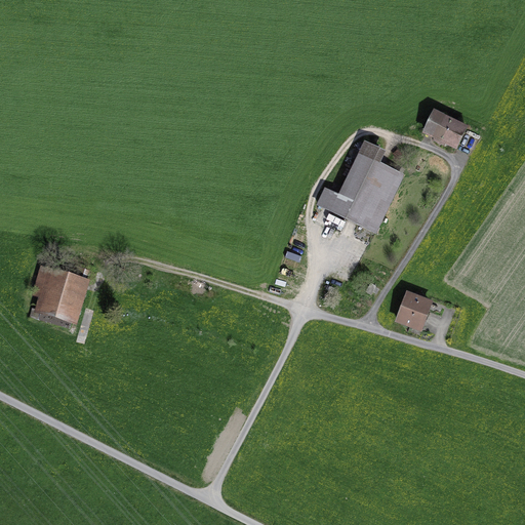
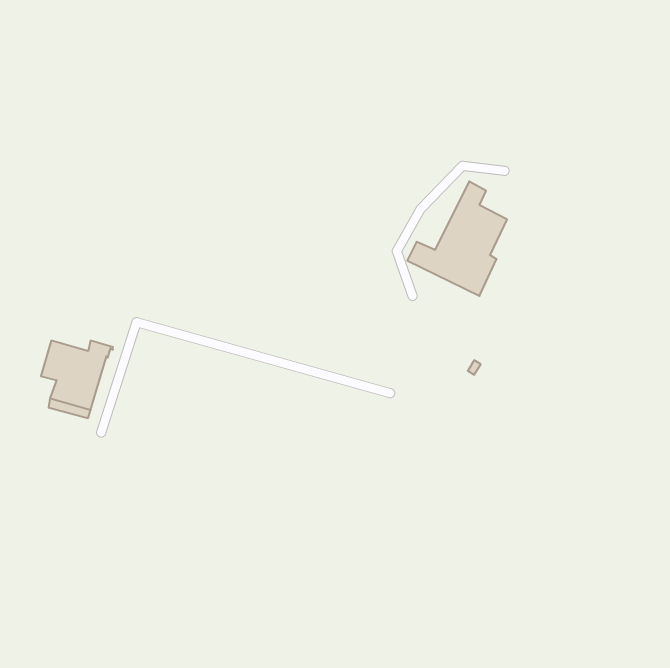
building: [425,112,463,145] -> none
building: [397,291,429,327] -> none

